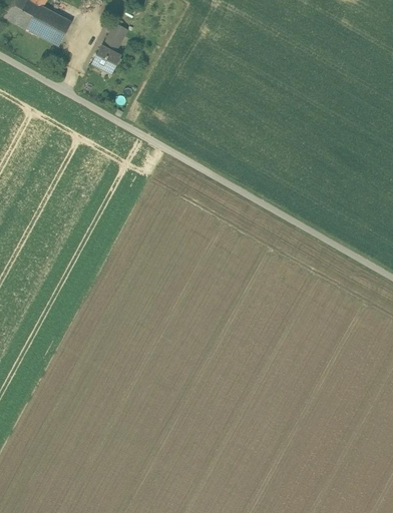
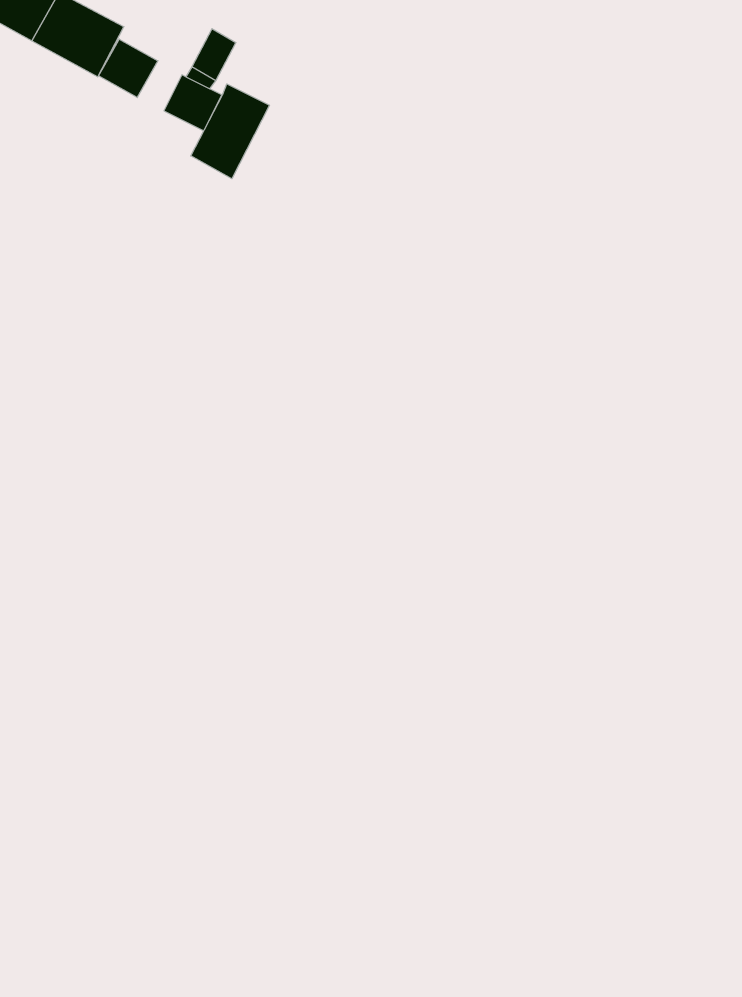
building: none -> [99,39,158,98]
building: none -> [191,84,269,179]

